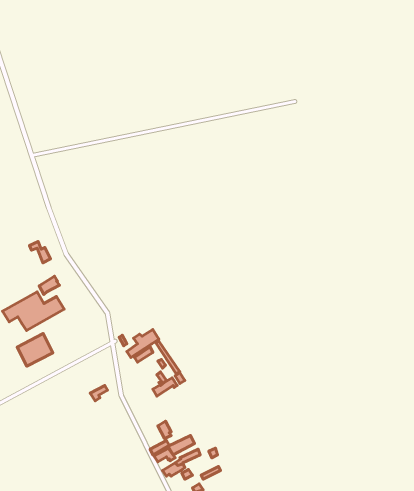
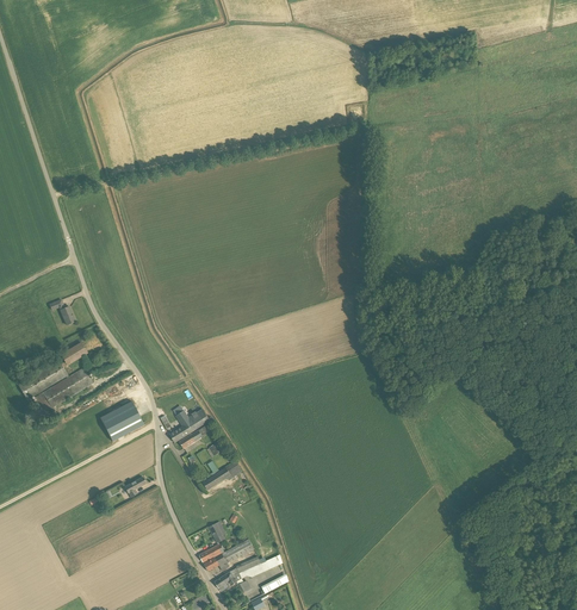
building: [17,333,53,366] -> [100,400,144,441]

